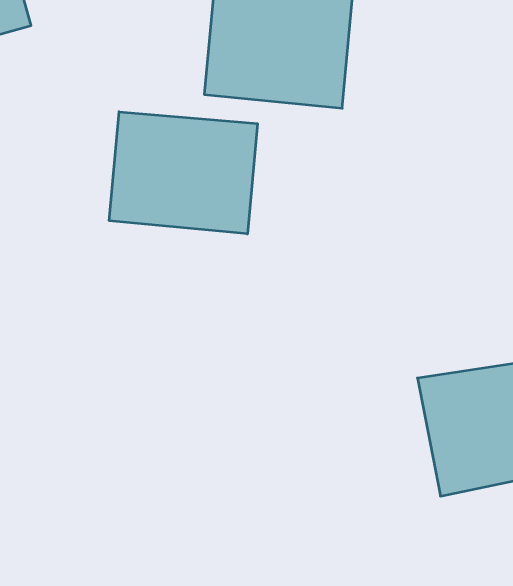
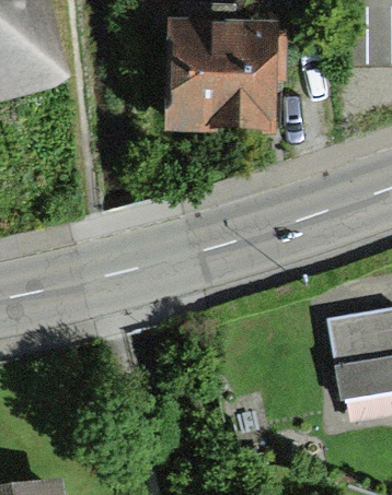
building: [109,112,257,234] -> none

